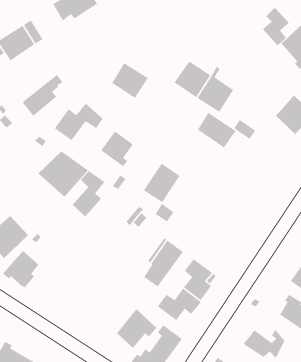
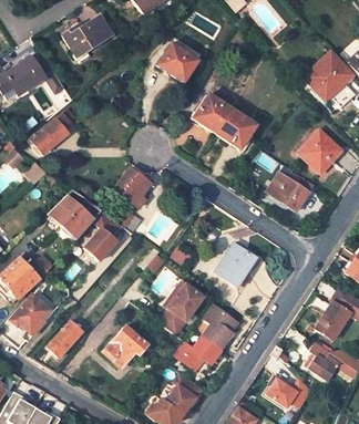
building: [262,7,290,46] -> none
building: [111,62,149,99] -> [157,43,197,82]
building: [54,103,103,141] -> none
building: [197,112,237,149] -> [267,173,309,211]
building: [143,162,180,203] -> [215,242,255,286]
building: none -> [47,321,83,358]
building: [116,308,157,349] -> [103,324,146,368]

